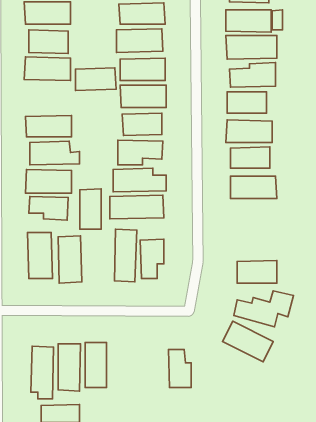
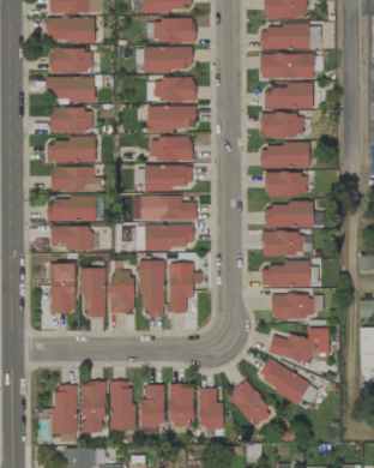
building: [76,68,116,90] -> [50,107,94,131]
building: [80,189,101,229] -> [110,269,133,312]
building: none -> [263,232,312,253]
building: none -> [261,259,309,287]
building: none -> [229,380,273,426]
building: none -> [140,384,163,427]
building: none -> [170,384,194,426]

